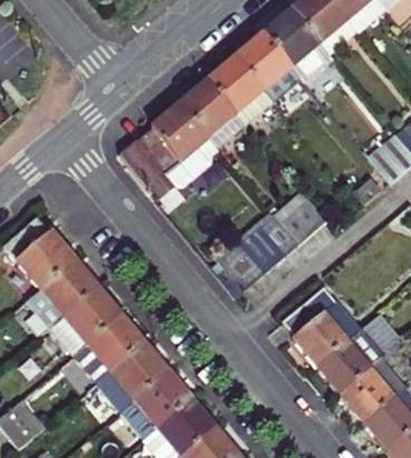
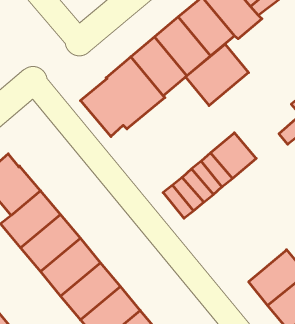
building: none -> [185,44,249,106]
building: [283,287,360,366] -> none

